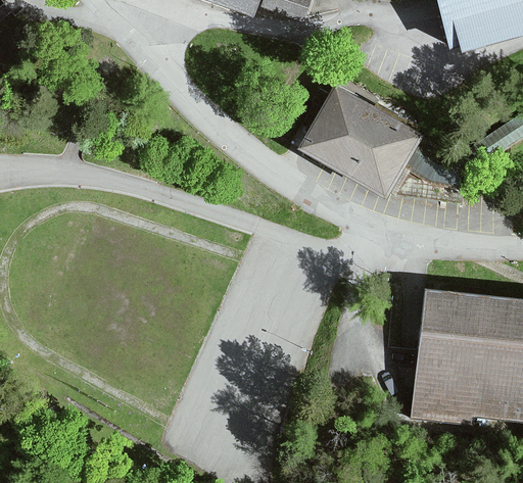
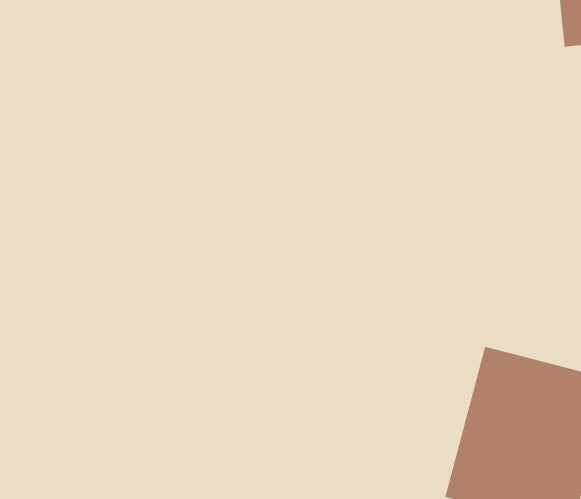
building: [299,86,419,196] -> none

